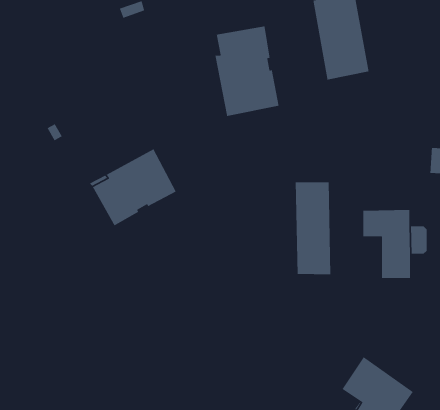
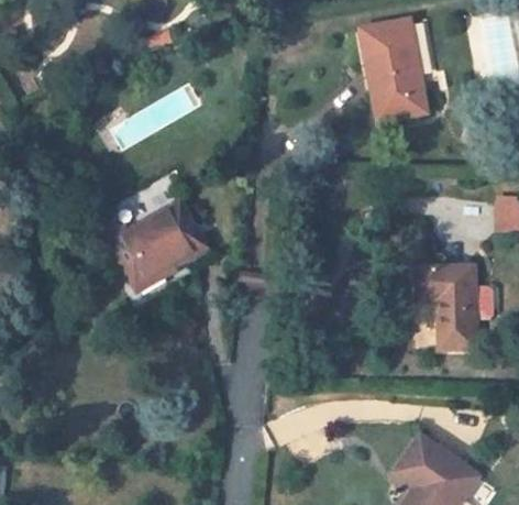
building: [215,26,280,117] -> none
building: [295,181,331,275] -> none

